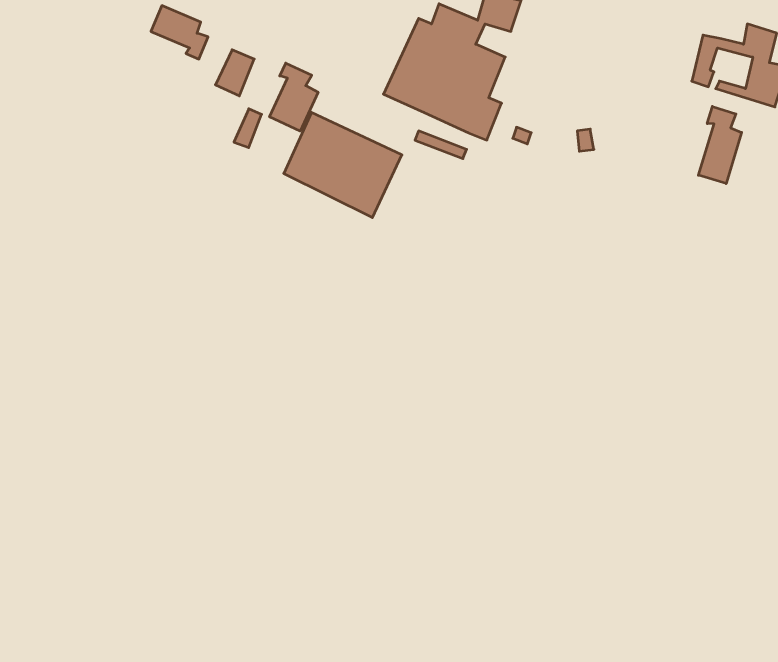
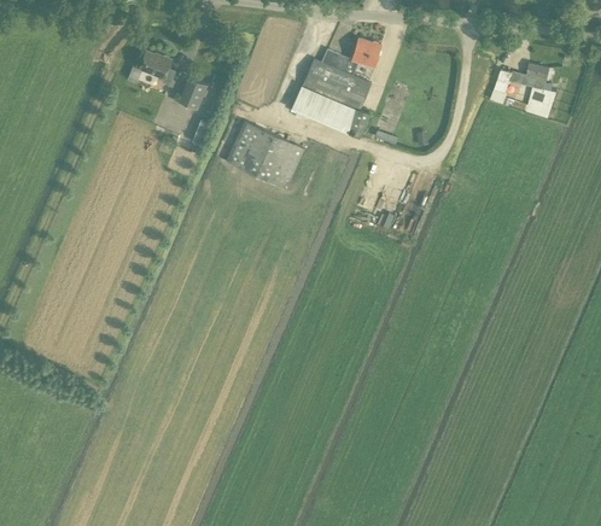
building: [270,63,318,131] -> none
building: [698,106,742,184] -> none

